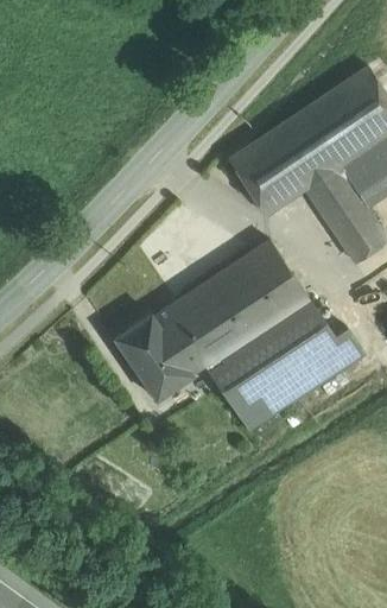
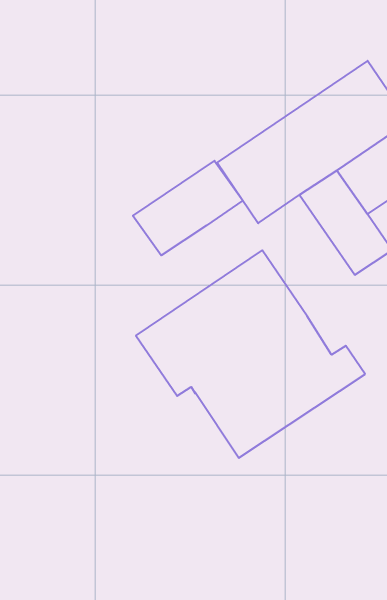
building: none -> [133,161,243,255]
building: [114,315,194,401] -> none

